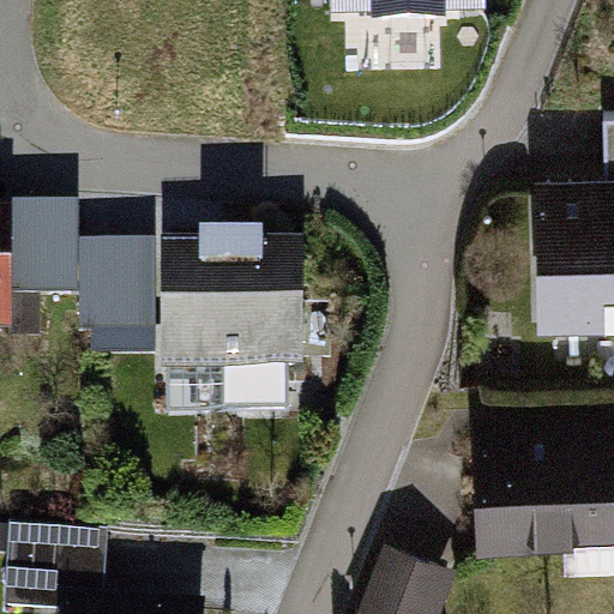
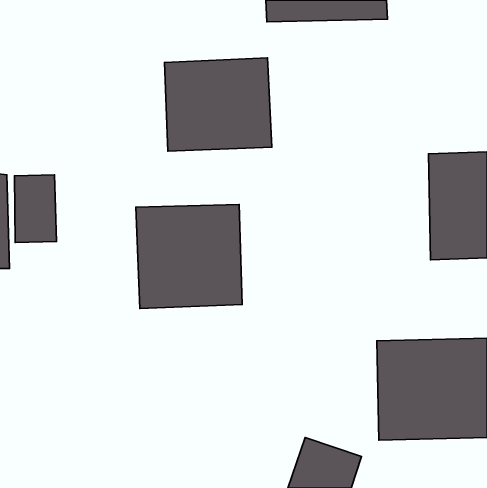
building: none -> [165,58,272,151]
building: [84,257,162,344] -> none
building: [20,543,107,603] -> none

